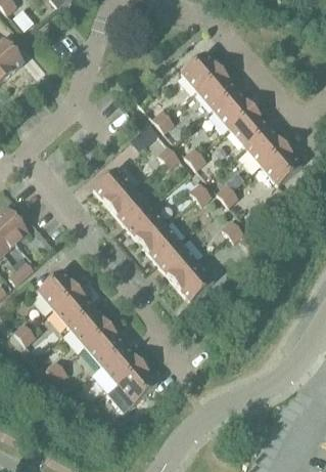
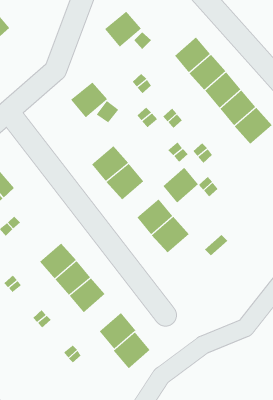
building: [181,52,221,91] -> [104,11,142,48]
building: [93,168,133,207] -> [70,82,108,118]
building: [142,224,181,263] -> [162,167,199,203]
building: [37,269,78,310] -> none
building: [101,344,141,384] -> [113,332,151,369]

